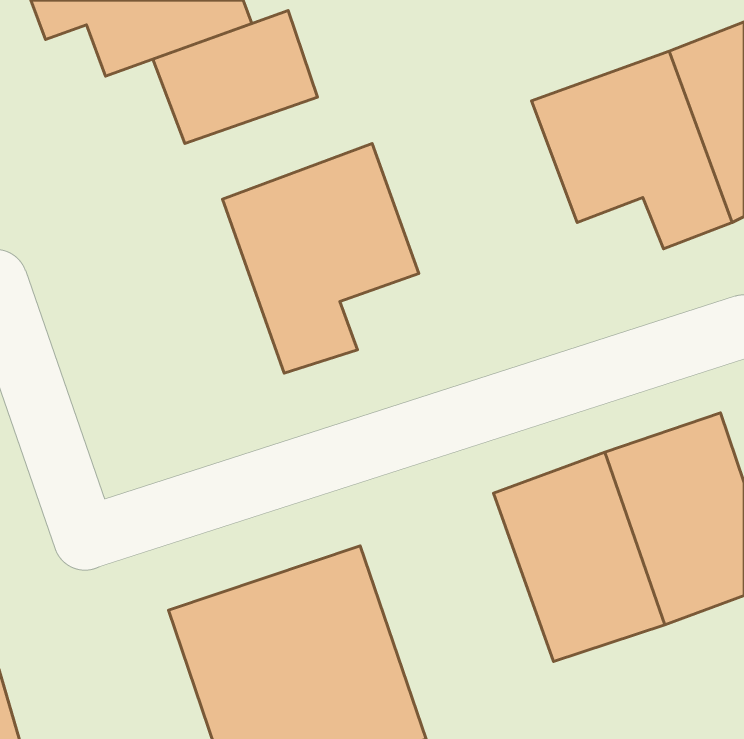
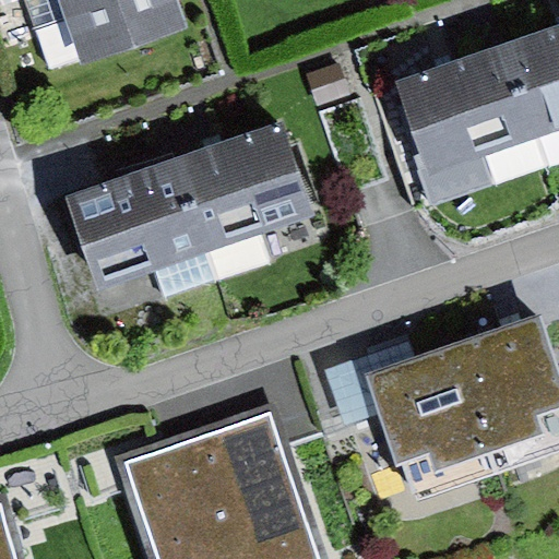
building: [153,10,318,144] -> none
building: none -> [61,155,212,304]

